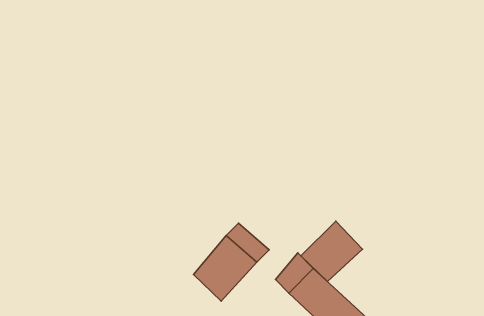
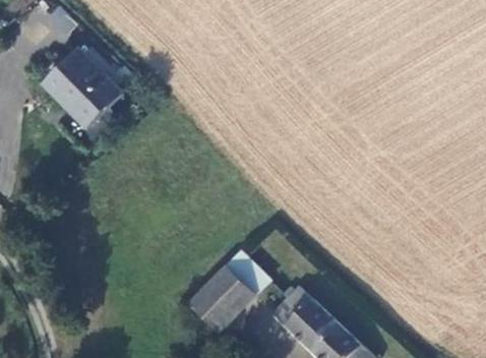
building: none -> [34,50,114,121]
building: [301,221,362,281] -> none

